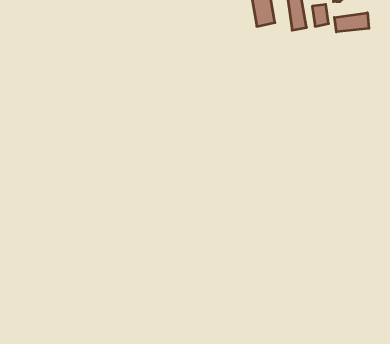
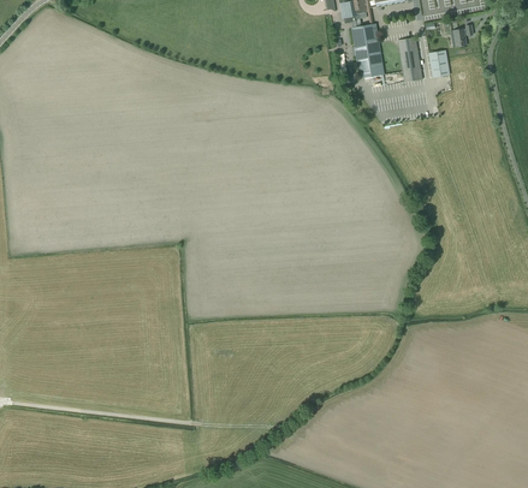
building: [334,13,369,32] -> none

